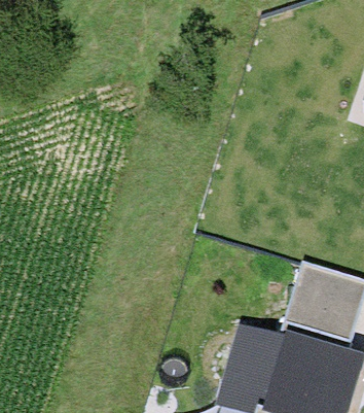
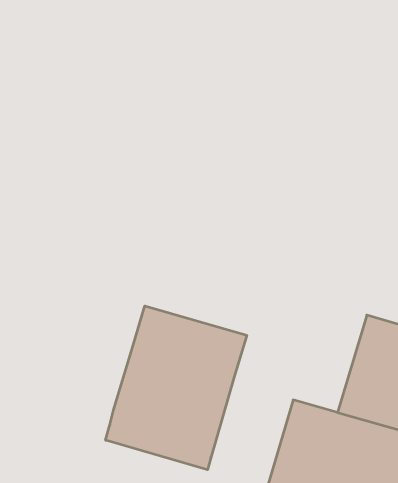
building: none -> [106,306,247,470]

